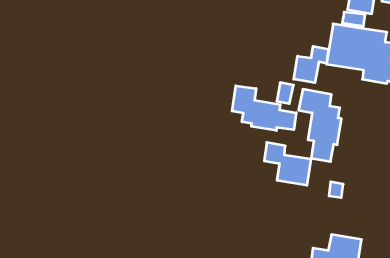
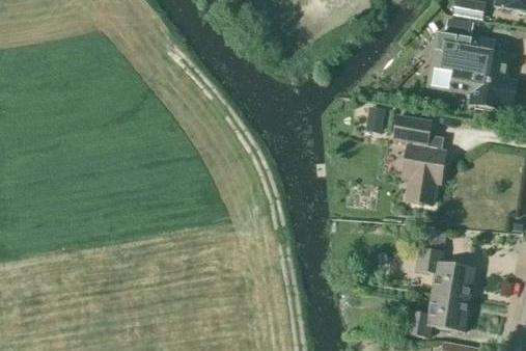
building: [294,46,329,83] -> none
building: [232,86,296,131] -> none
building: [264,142,311,185] -> [416,247,474,300]

